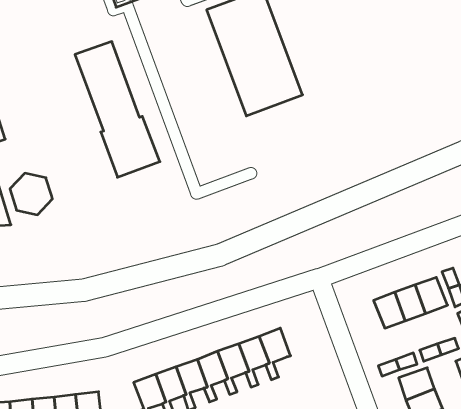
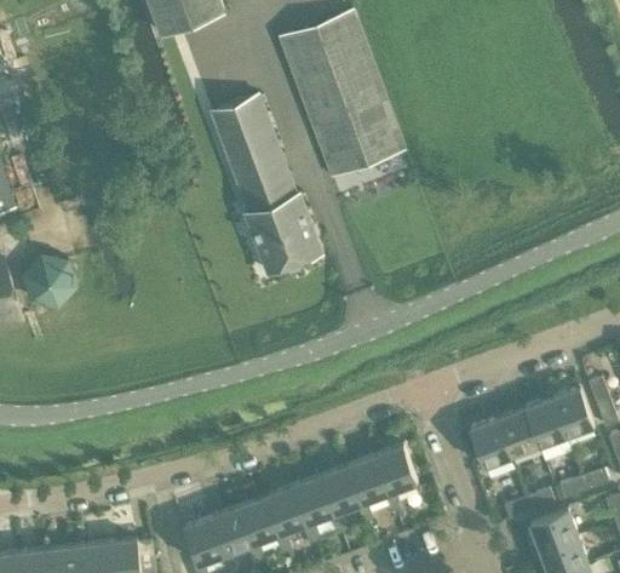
building: [75,42,160,177] -> [211,96,322,274]
building: none -> [470,420,512,468]
building: none -> [375,447,417,514]

